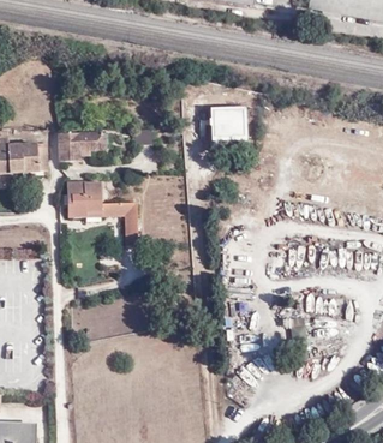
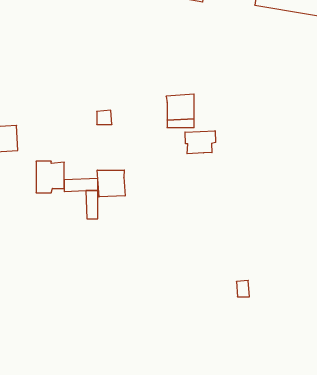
building: [59,132,106,161] -> none
building: none -> [185,131,216,154]
building: none -> [97,170,125,197]

